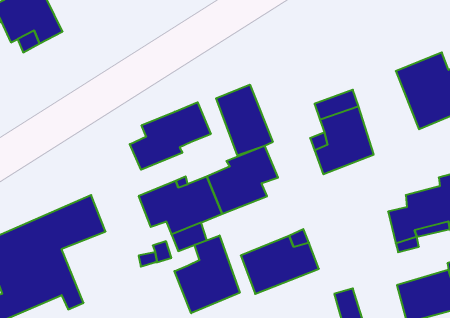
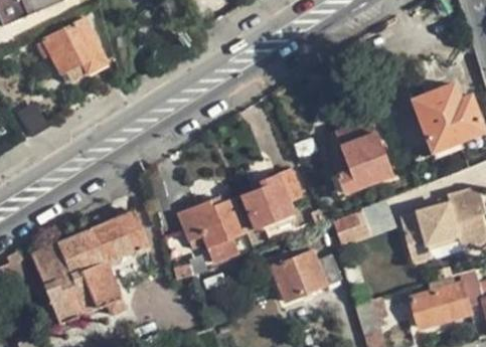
building: [216,85,273,155] -> none
building: [130,102,211,170] -> none
building: none -> [332,210,373,244]
building: [174,235,240,313] -> none

